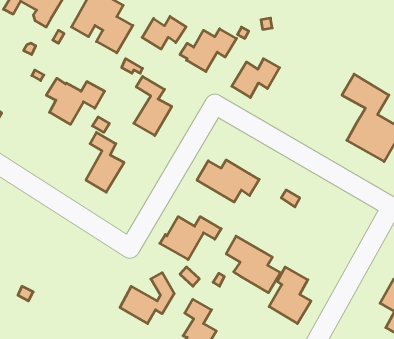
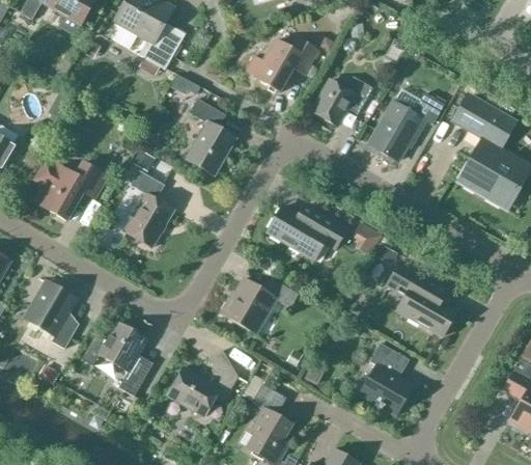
building: [142,16,186,49] -> none
building: none -> [368,88,444,161]
building: [46,78,105,124] -> [31,159,106,218]
building: none -> [354,222,383,257]
building: none -> [24,281,78,349]
building: [226,236,281,293] -> [387,264,456,336]
building: none -> [80,322,147,396]

